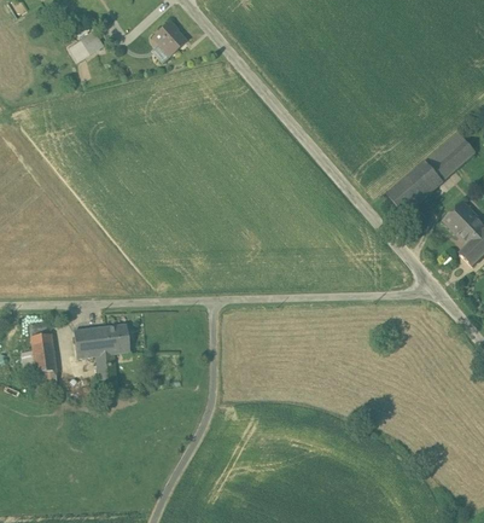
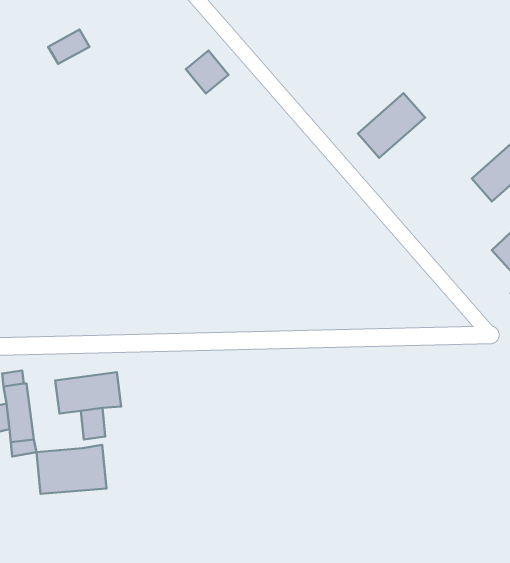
building: [153,22,189,58] -> [186,50,229,93]
building: [386,158,443,213] -> [358,93,425,158]
building: none -> [37,445,107,494]

